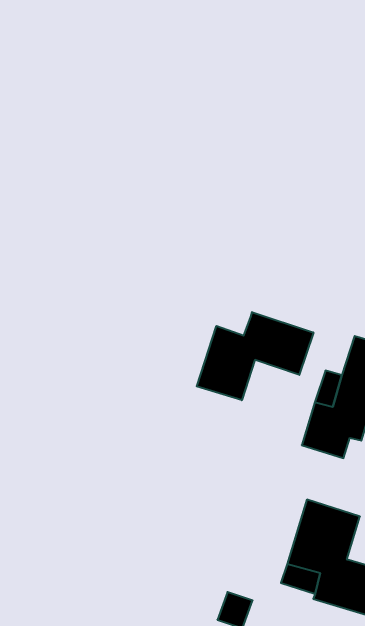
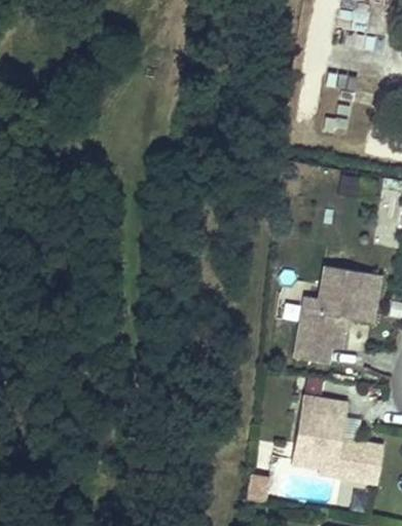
building: [197,312,313,400] -> none

